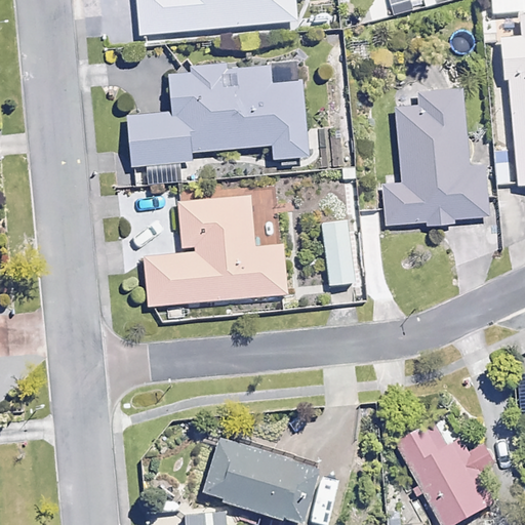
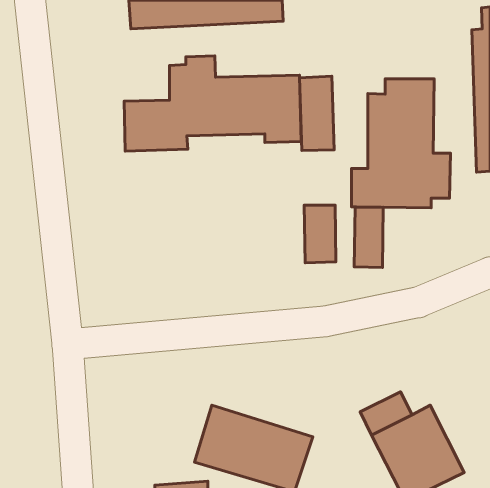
building: none -> [299,76,334,150]
building: [145,190,295,299] -> none
building: none -> [354,207,383,268]

